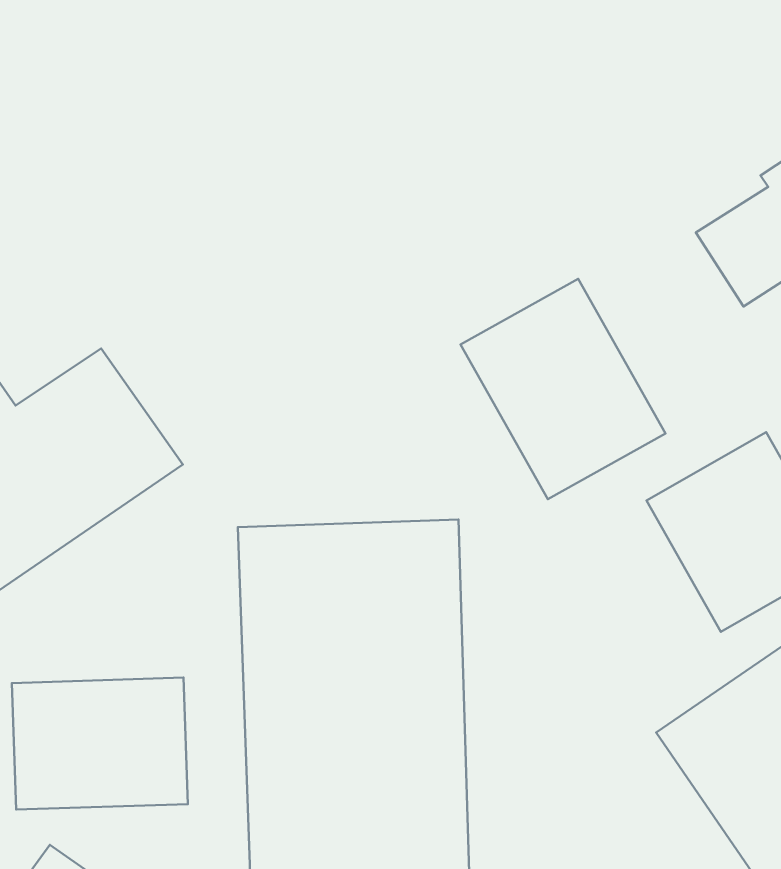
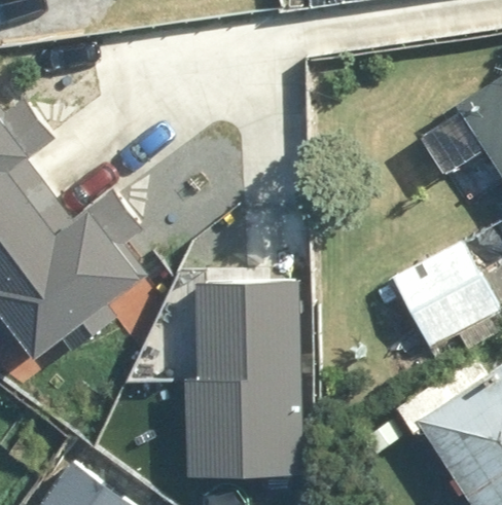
building: [461,279,666,499] -> none
building: [12,678,188,809] -> none

